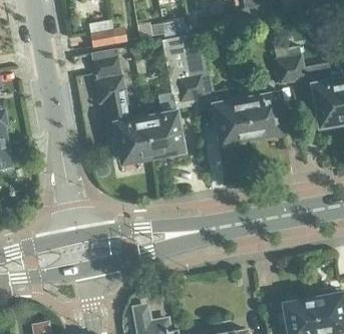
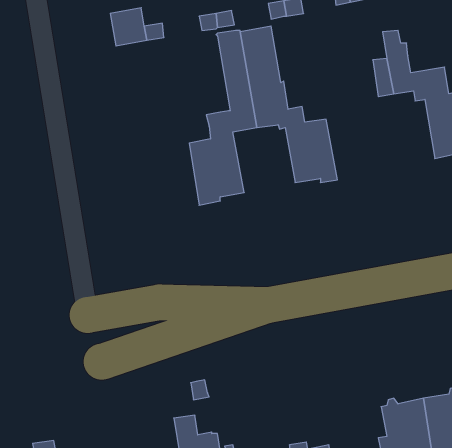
building: [94,56,152,162] -> none
building: [241,82,284,142] -> none

